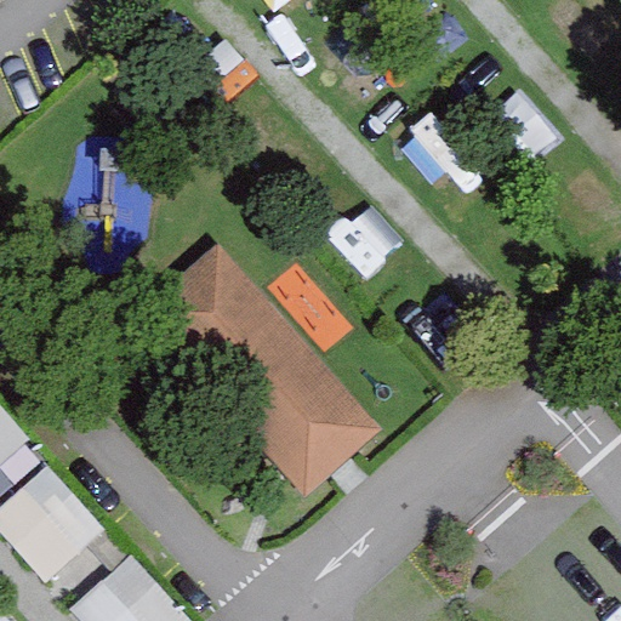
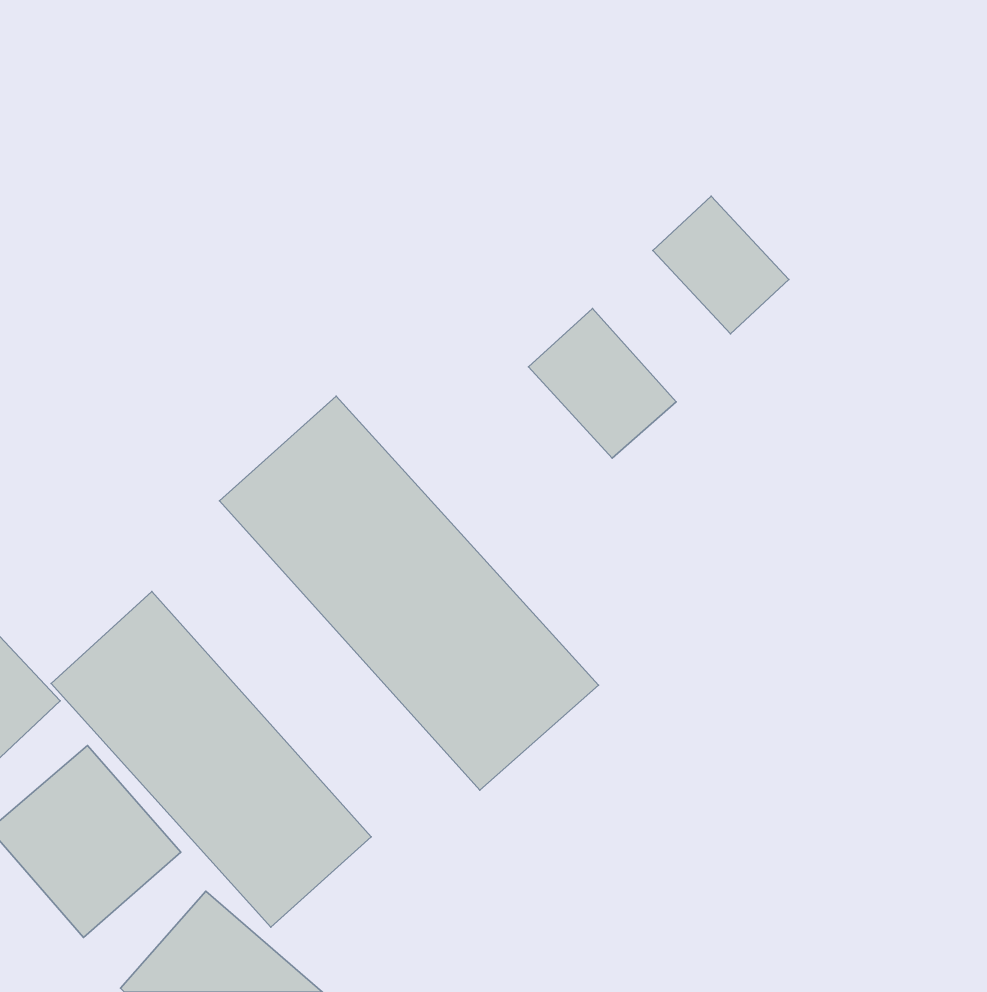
building: none -> [51,591,371,927]

